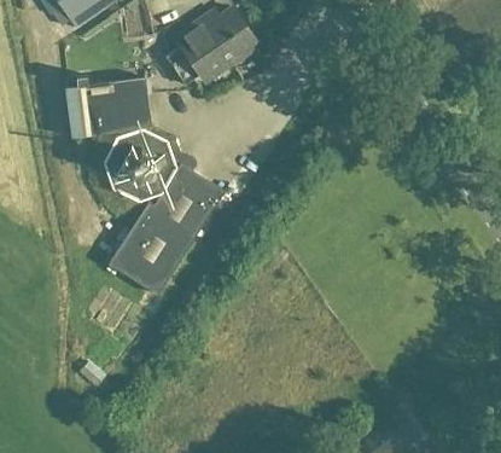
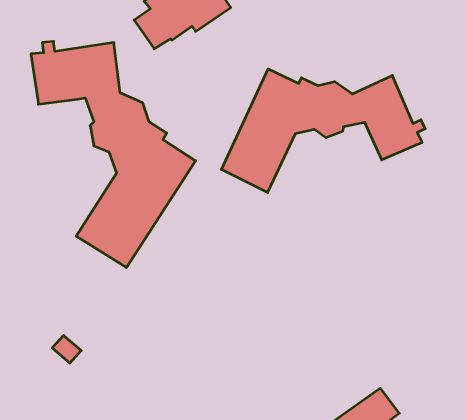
building: none -> [221,69,425,193]

